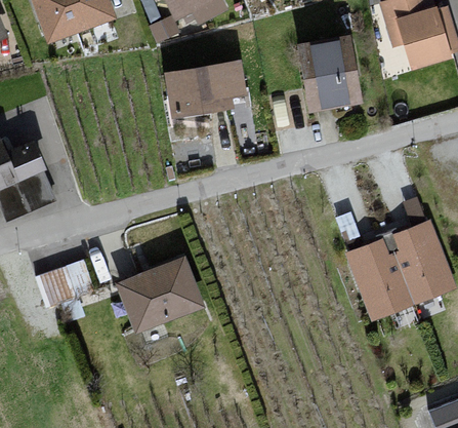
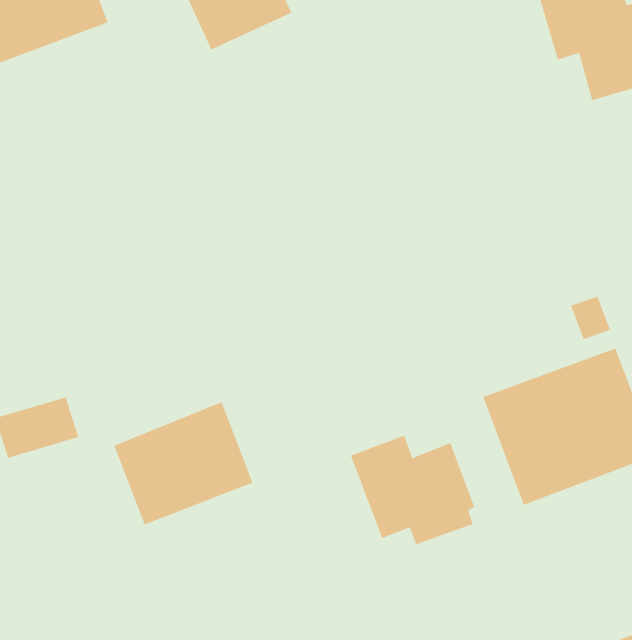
building: [296,36,359,114] -> none
building: [165,63,246,117] -> none
building: none -> [350,435,475,545]

